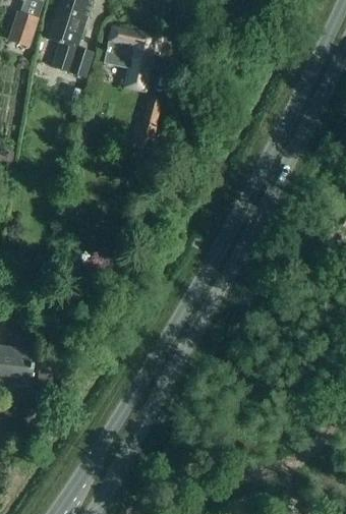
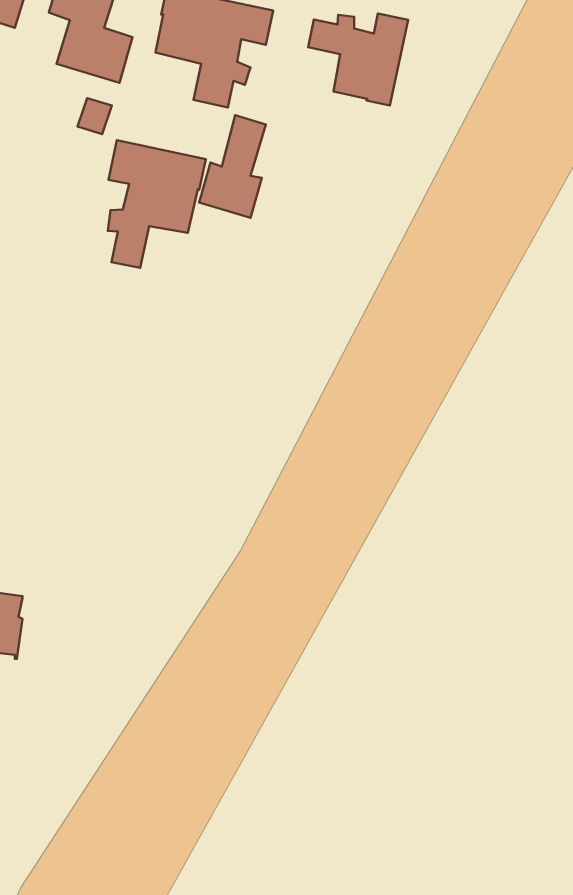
building: none -> [308,13,408,105]
building: none -> [108,140,206,268]

